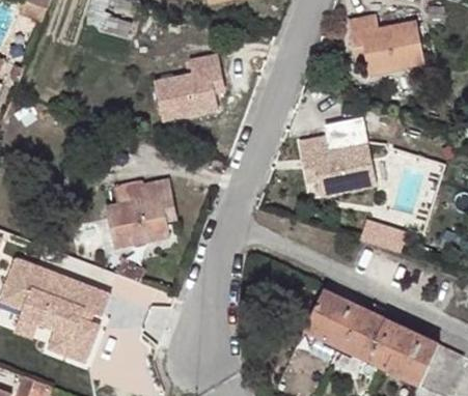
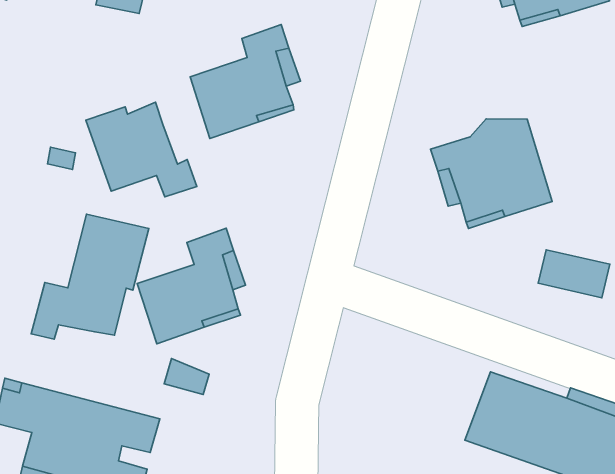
building: none -> [86,102,197,197]
building: none -> [31,214,149,339]

